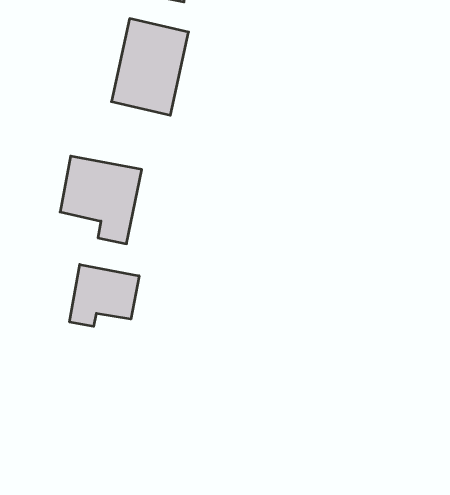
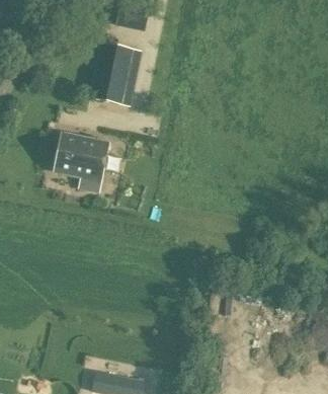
building: [70,264,139,326] -> none

